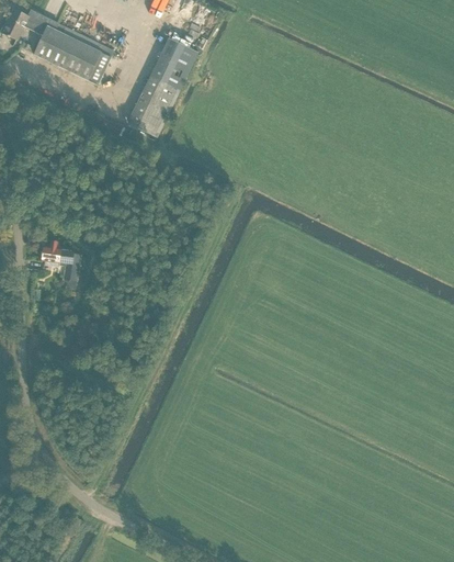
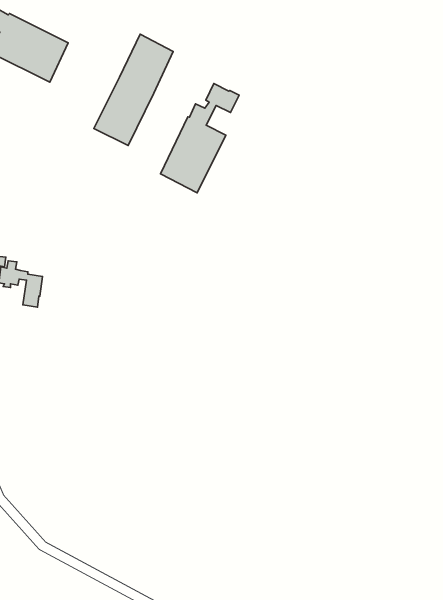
building: none -> [160,83,239,193]

